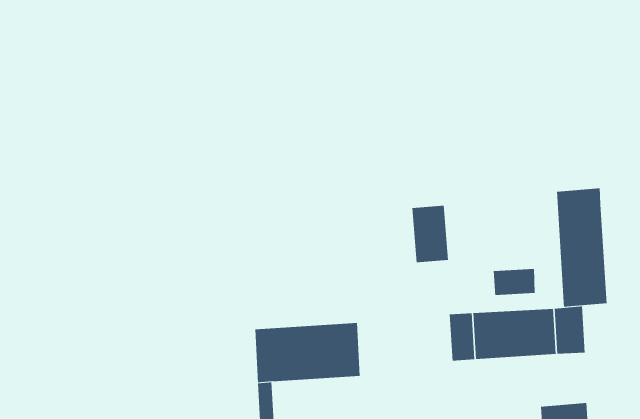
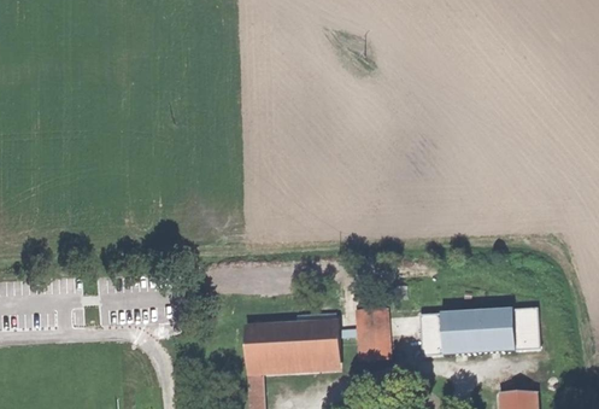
building: [557,188,607,307] -> none
building: [412,205,449,263] -> [357,308,389,358]
building: [493,268,535,296] -> none

